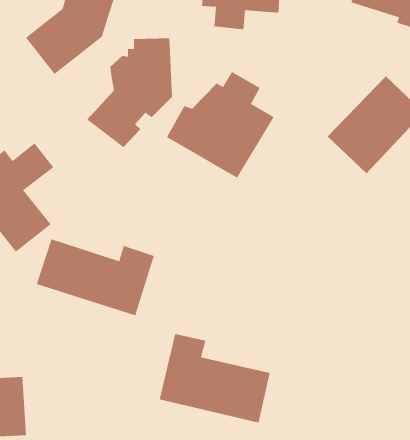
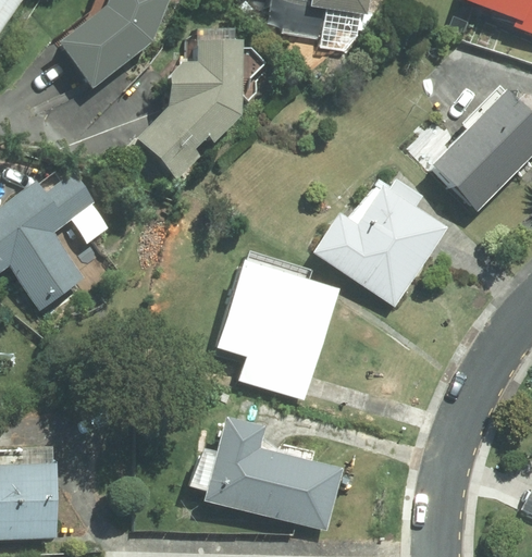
building: [166,71,275,179] -> [309,174,443,307]
building: none -> [223,253,350,394]
building: [36,239,155,316] -> none

